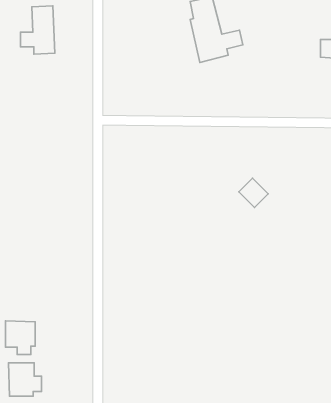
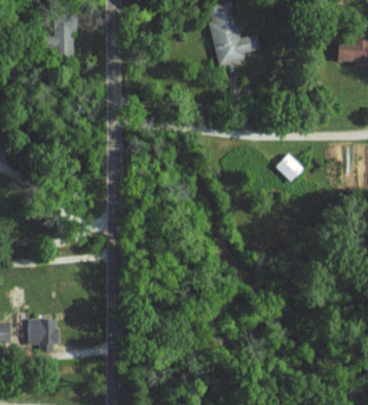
building: [239,178,268,208] -> [275,153,304,182]
building: [8,363,41,396] -> none

